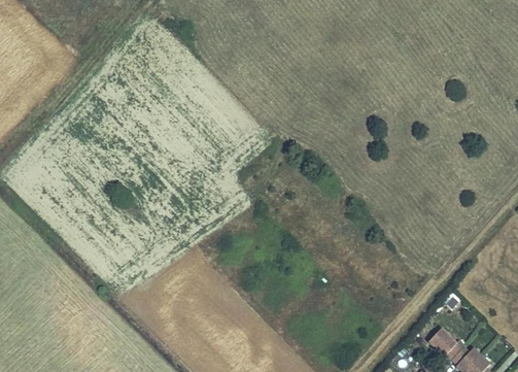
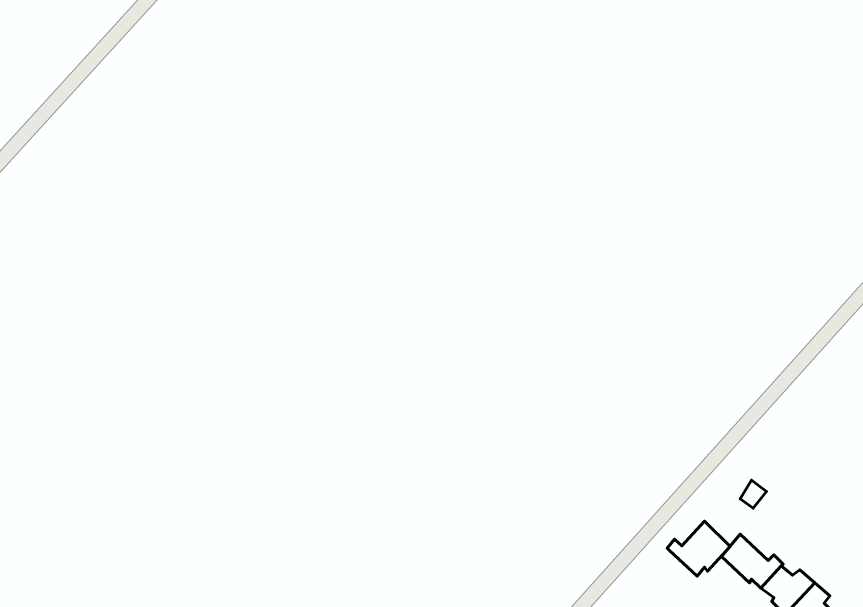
building: none -> [667,521,730,576]

